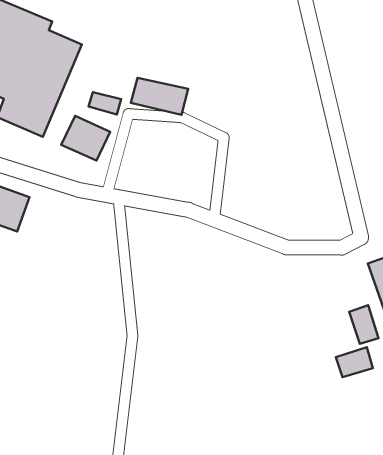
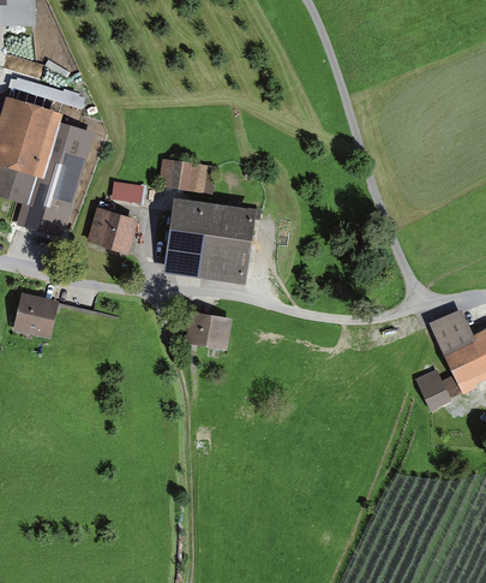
building: none -> [164,201,254,284]
building: none -> [182,310,230,350]
building: [336,347,373,377] -> none

